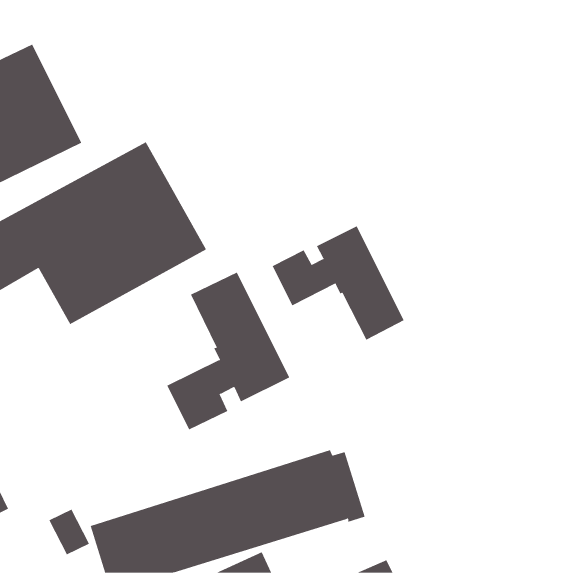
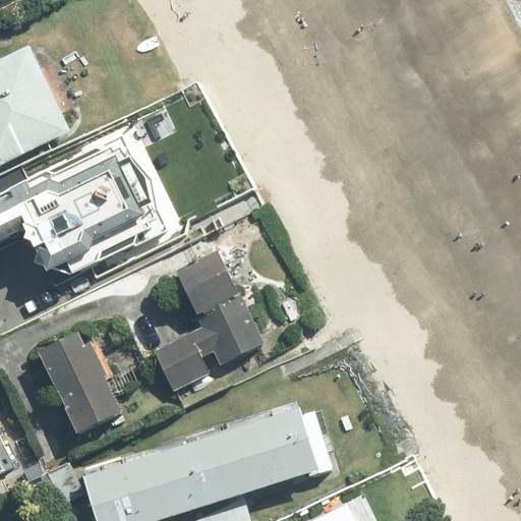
building: [272,225,404,340] -> none
building: none -> [36,332,121,432]

